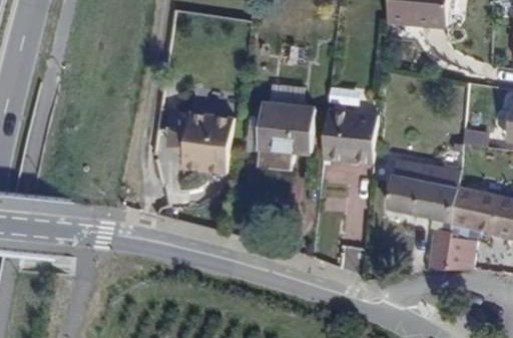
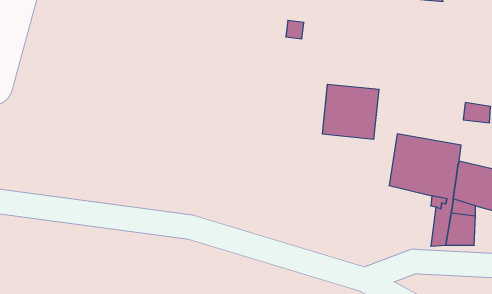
building: [258,101,315,171] -> none
building: [173,111,231,173] -> none

